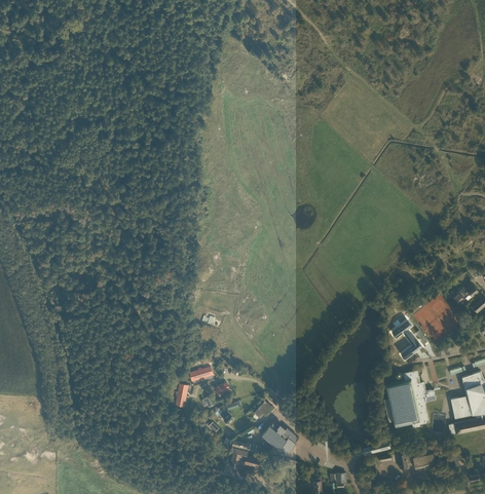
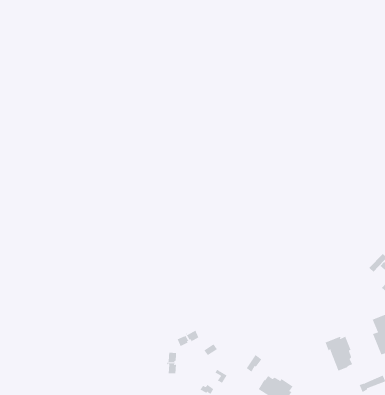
building: none -> [325,336,353,371]

